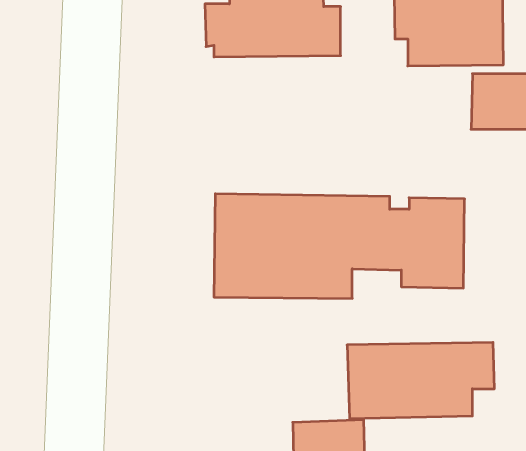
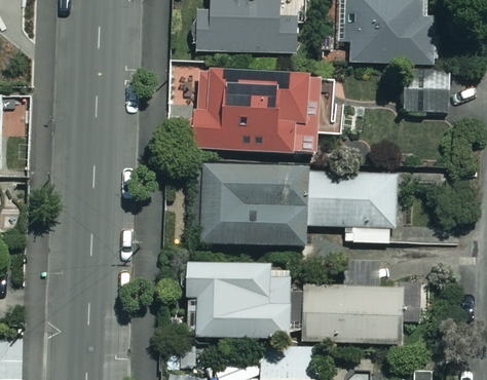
building: none -> [199,70,346,152]
building: none -> [184,261,291,340]

